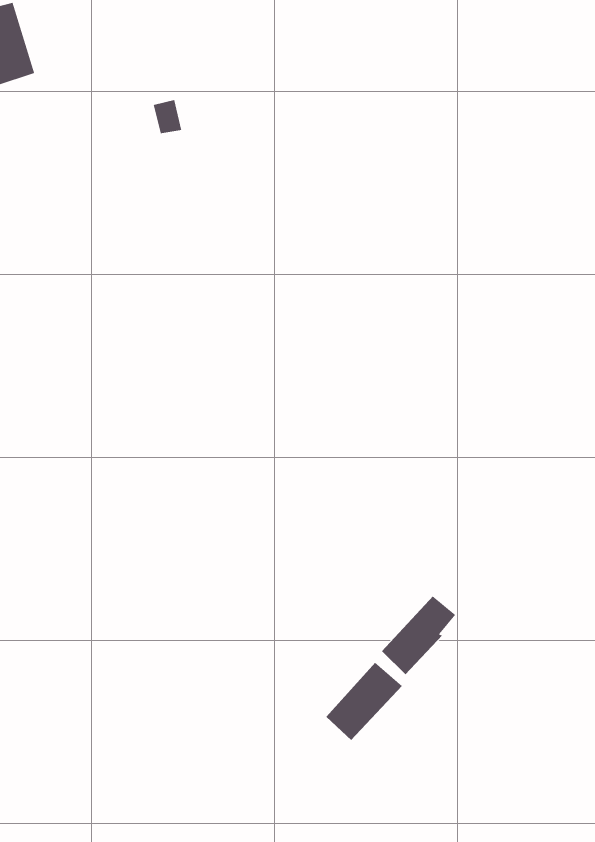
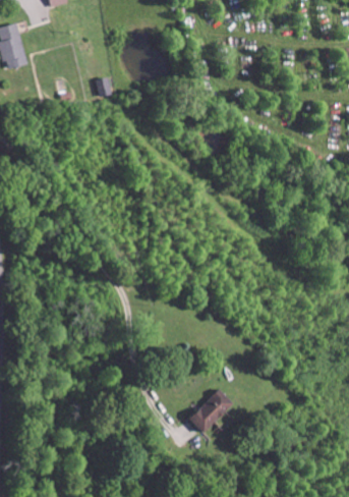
building: [381,596,456,675] -> none

